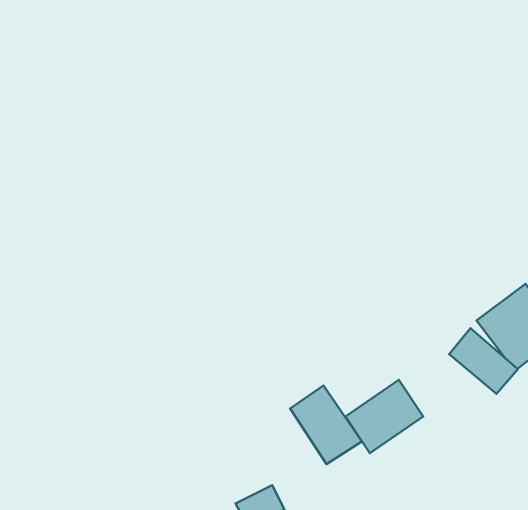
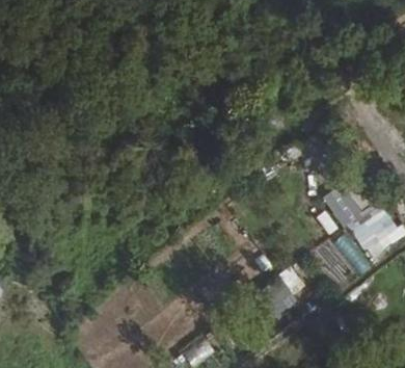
building: none -> [319,182,360,228]
building: [290,385,362,464] -> none

